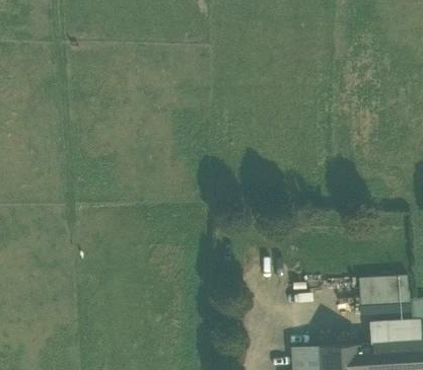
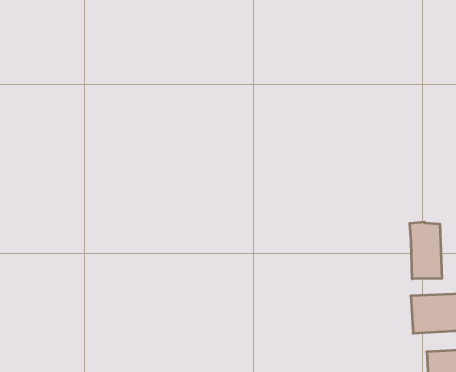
building: none -> [410,222,442,279]

